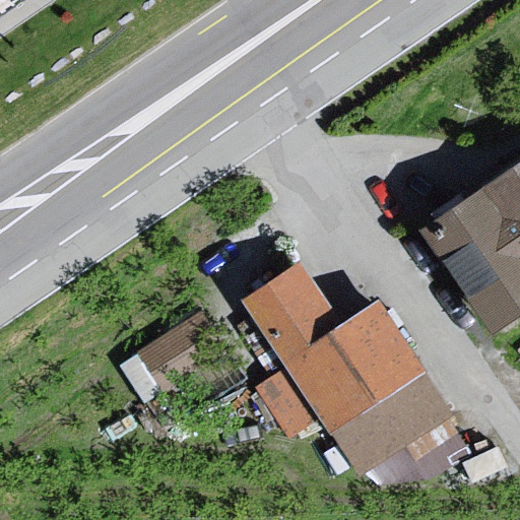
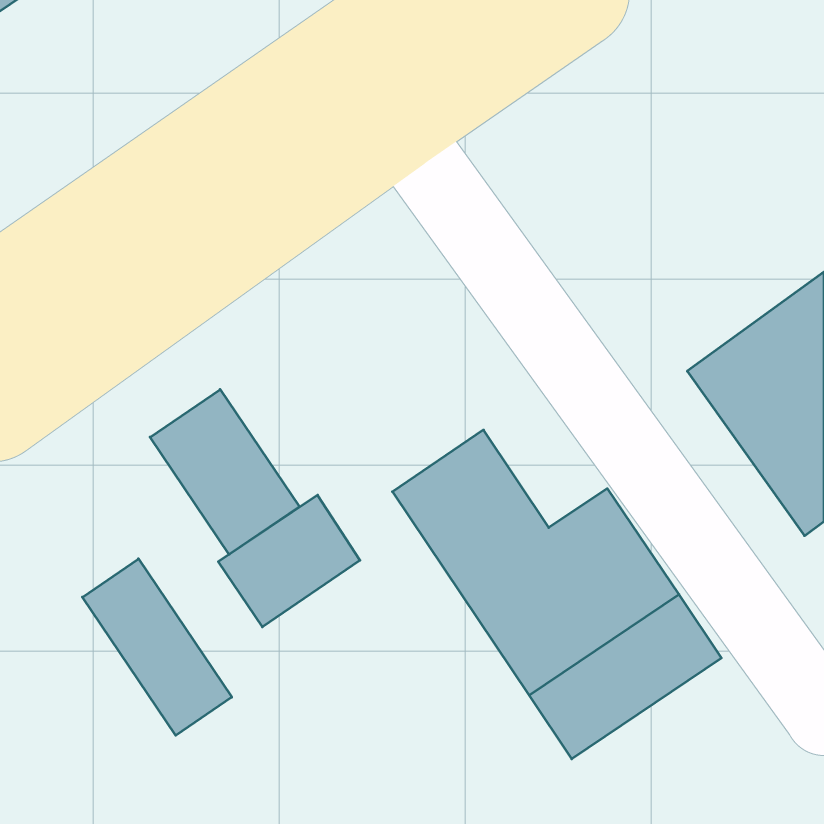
building: none -> [150,389,299,554]
building: none -> [82,559,232,735]

